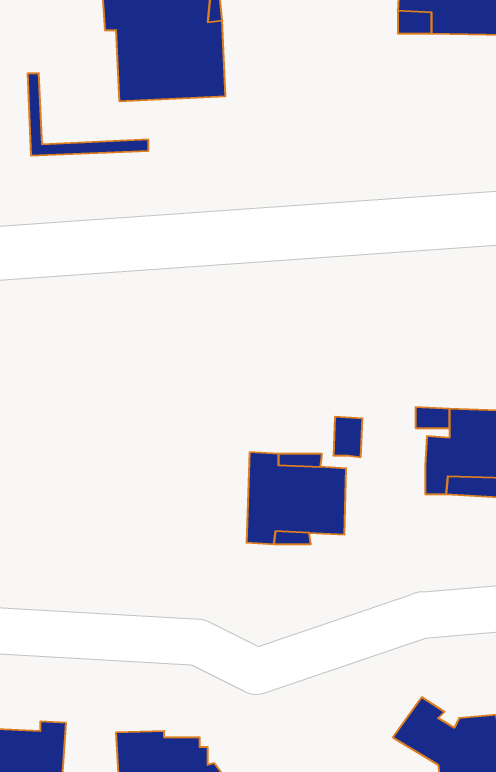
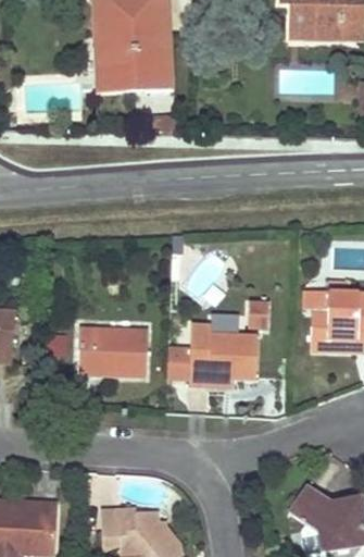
building: [28,73,148,156] -> [93,36,175,91]
building: none -> [77,327,145,381]

